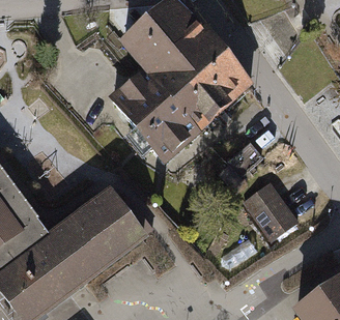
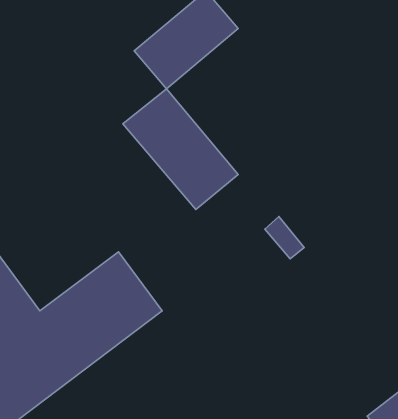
building: [145,25,252,133] -> none
building: [242,182,298,240] -> none

